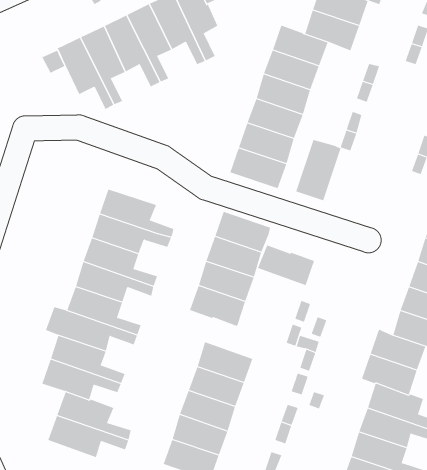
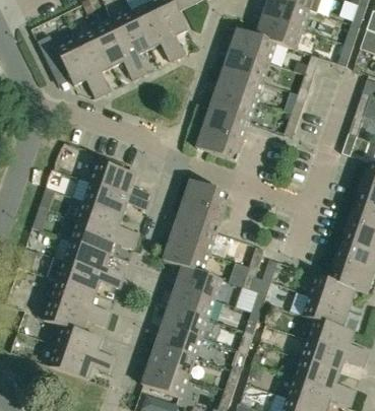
building: [296,139,341,201] -> none
building: [257,245,315,286] -> [175,265,222,298]

